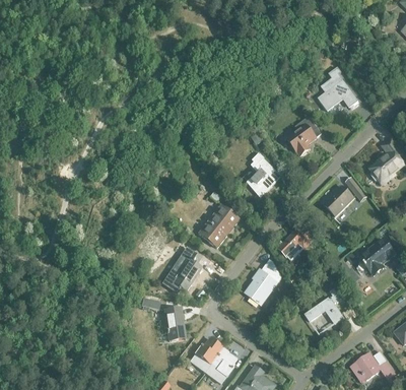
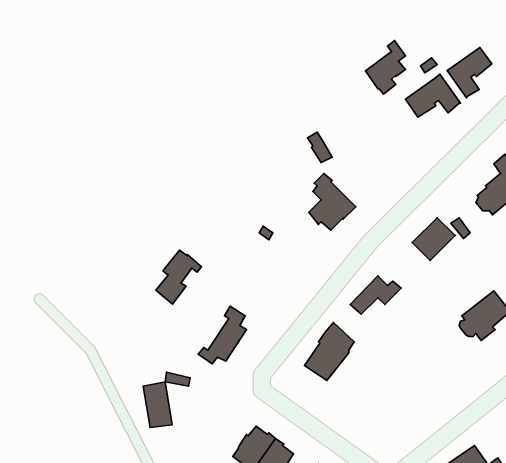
building: none -> [447,47,492,98]
building: [286,116,316,155] -> [365,41,405,94]
building: [203,208,236,248] -> [156,250,201,304]
building: [304,287,343,323] -> none
building: [163,307,185,340] -> [143,382,172,427]

